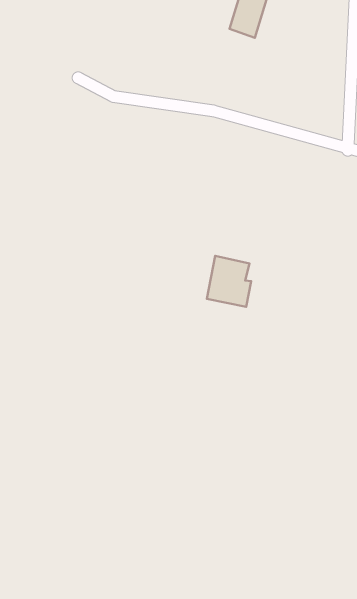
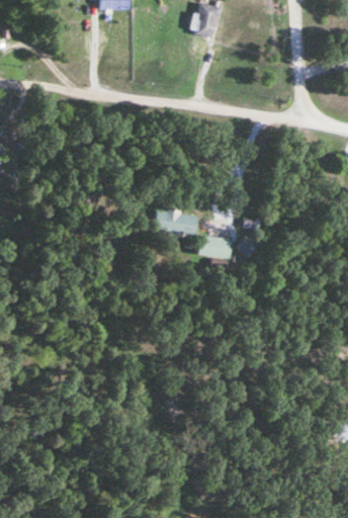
building: none -> [154,209,198,235]

